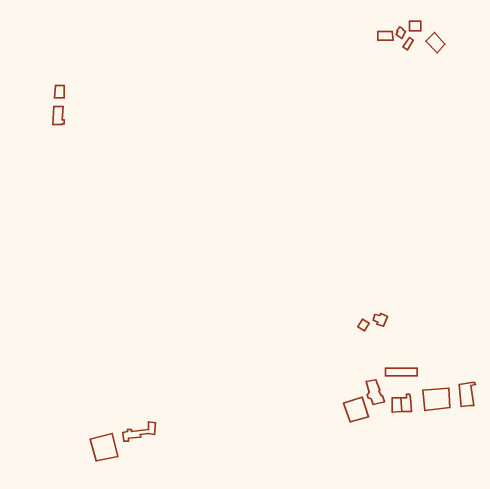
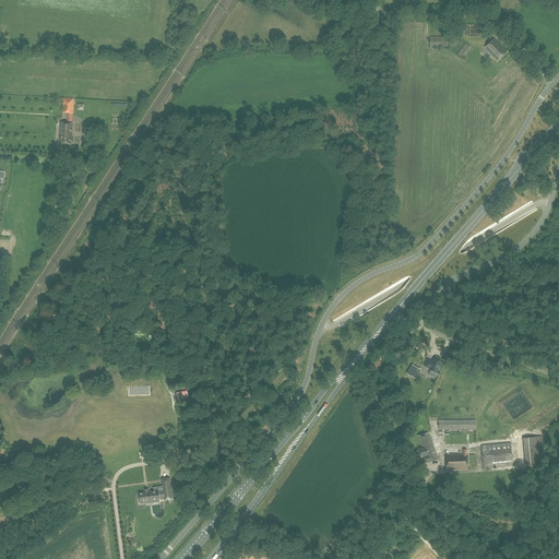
building: [343,397,368,422] -> none
building: [90,434,118,461] -> none

